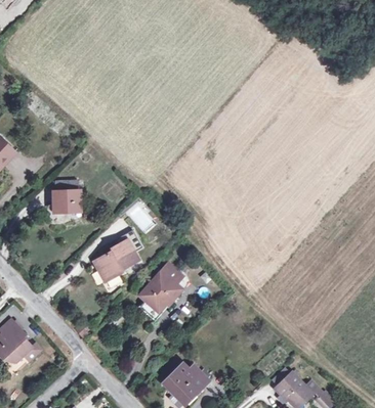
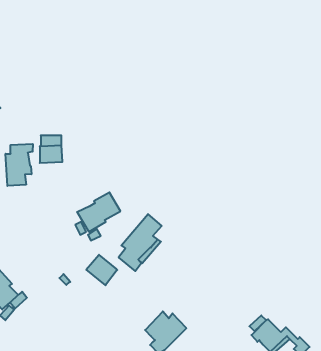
building: none -> [6,144,33,186]
building: none -> [86,255,117,285]

